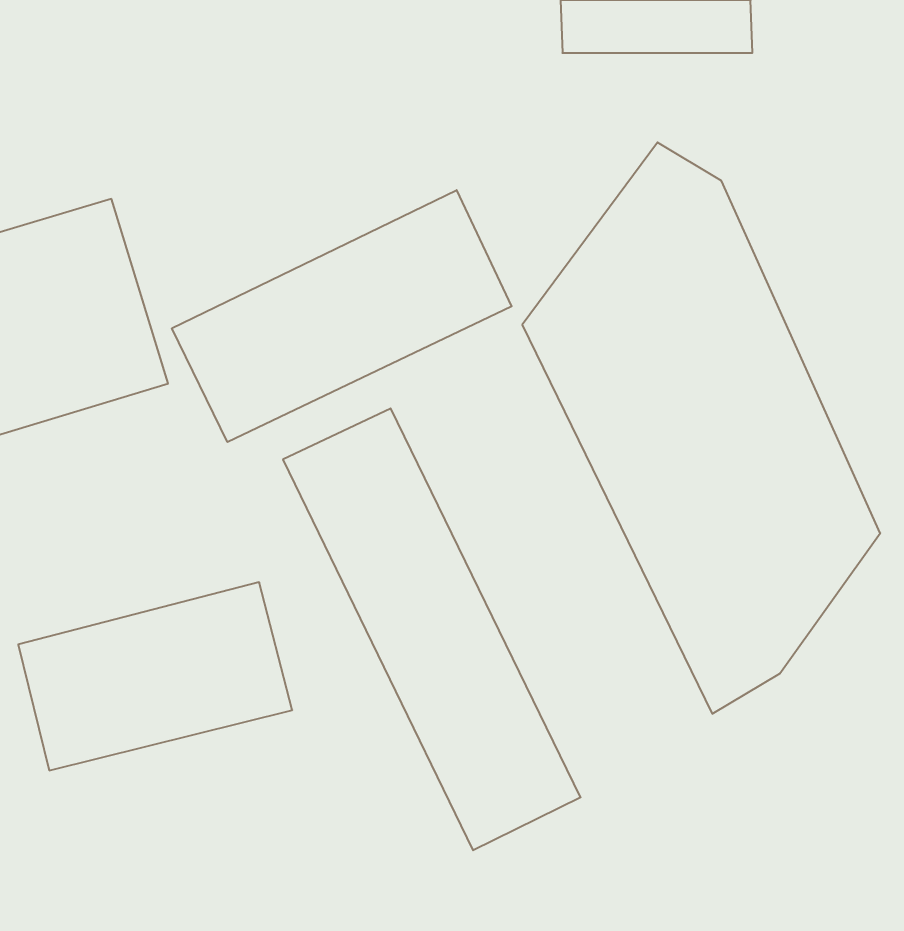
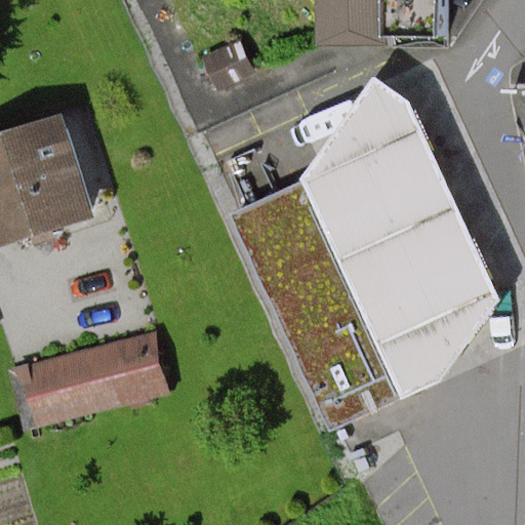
building: [172,190,512,442] -> none
building: [283,408,581,850] -> [233,184,400,432]

